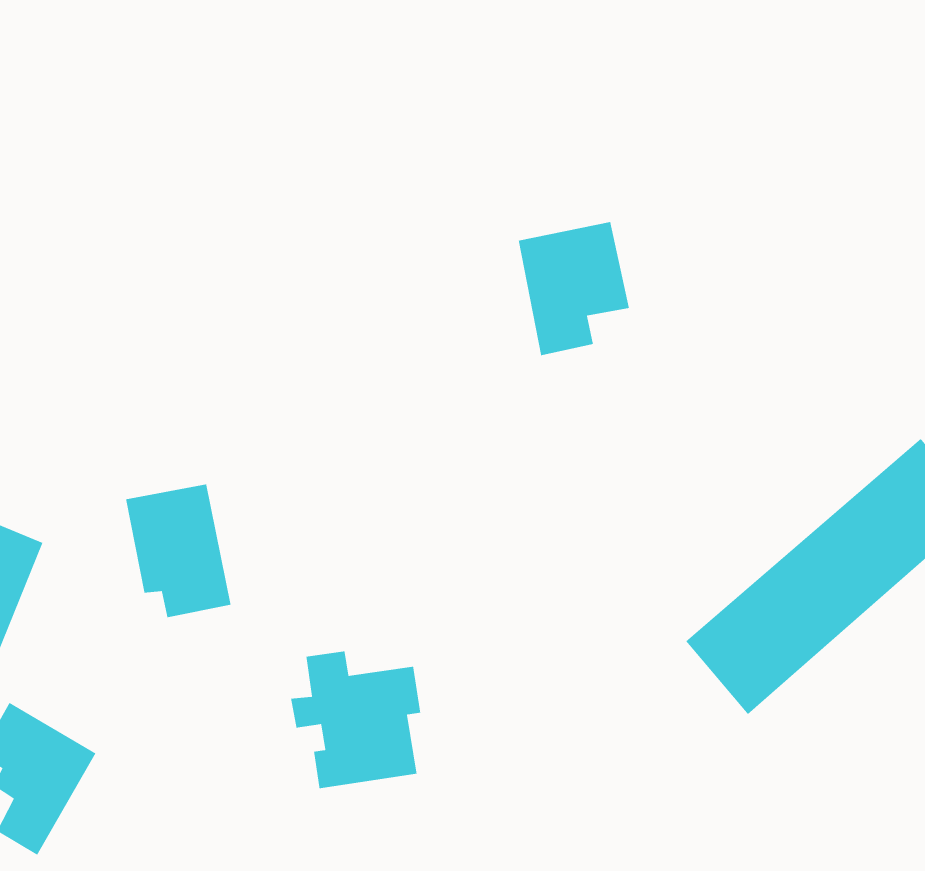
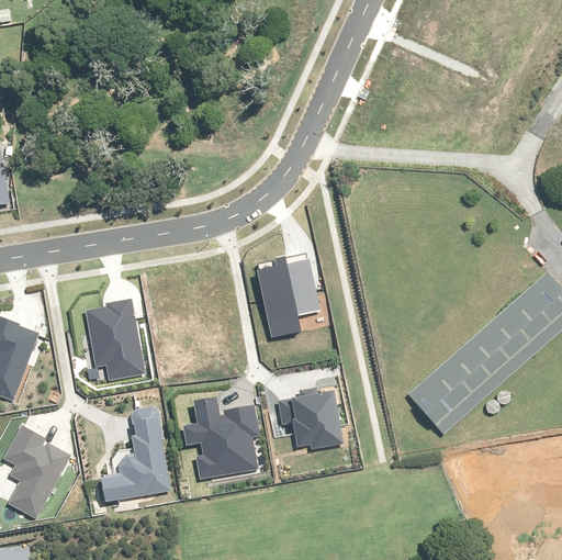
building: [518,221,630,356] -> [255,259,319,337]
building: none -> [290,392,341,450]
building: none -> [98,411,171,502]

